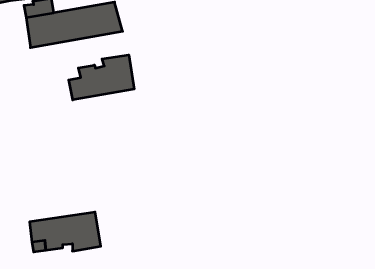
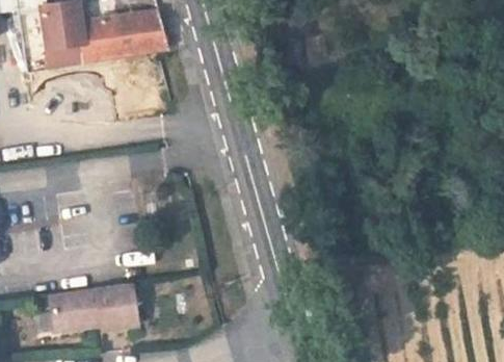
building: [69,55,134,100] -> none

